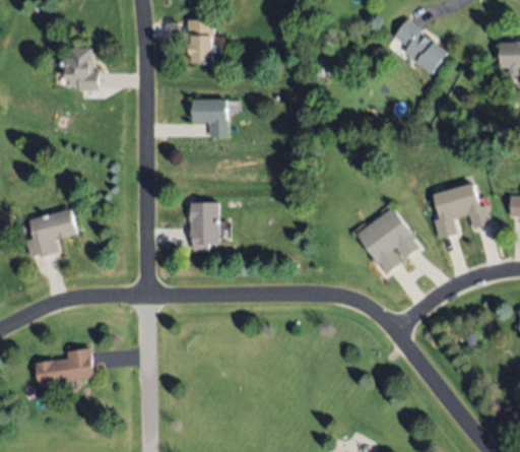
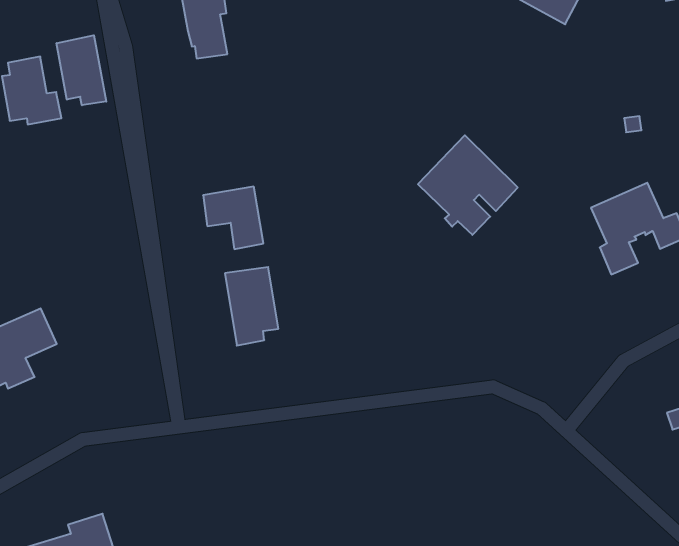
building: none -> [57,35,106,105]
building: [193,99,228,137] -> [203,187,263,249]
building: [356,207,420,272] -> [418,135,518,235]

